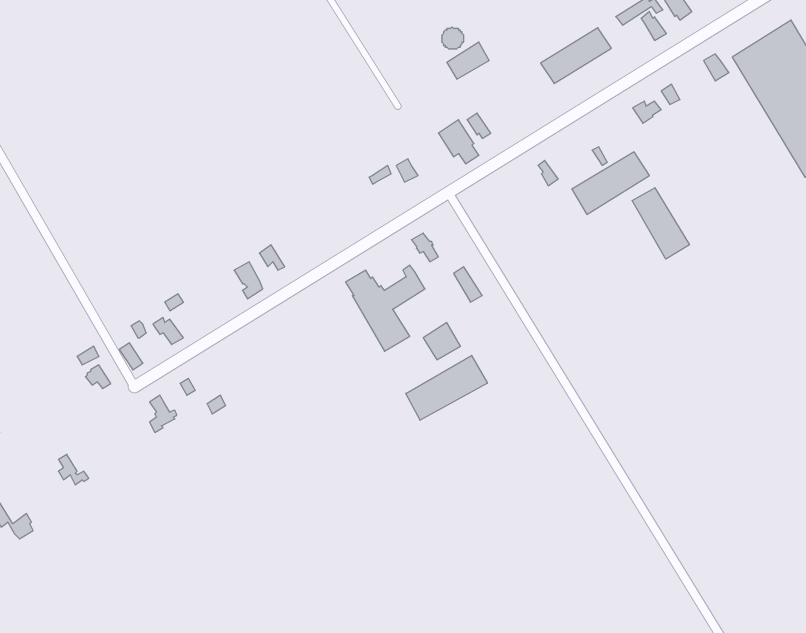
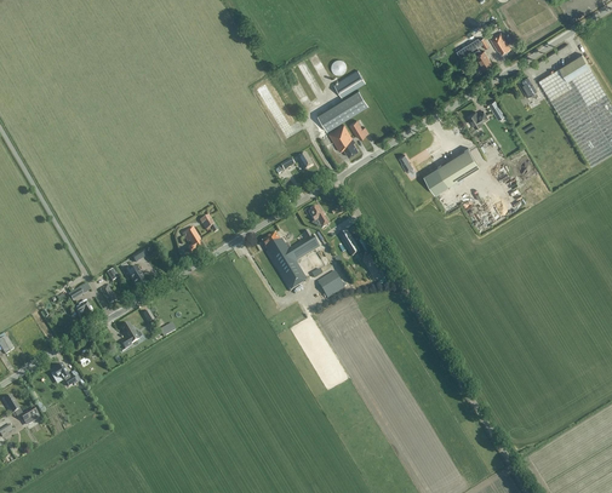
building: [541,28,611,84] -> [316,90,367,130]
building: [632,188,689,259] -> none
building: [406,355,487,420] -> none

